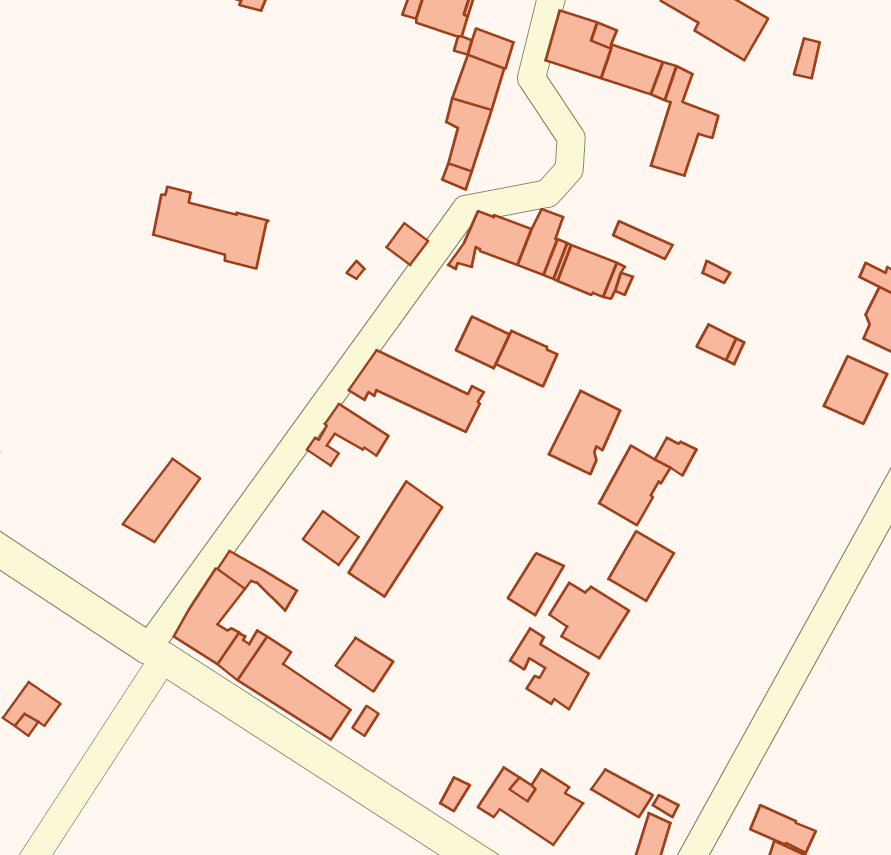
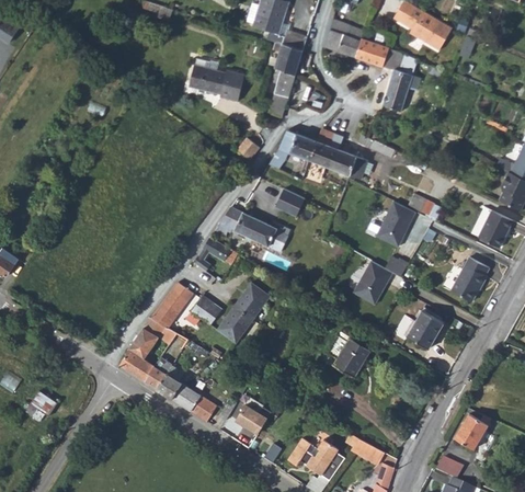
building: [153,187,268,268] -> [189,59,252,104]
building: [496,331,557,386] -> none
building: [549,391,620,474] -> [375,202,414,248]
building: none -> [449,258,489,301]
building: [123,459,200,542] -> [150,282,193,328]
building: [608,531,674,601] -> [407,310,443,348]
building: [508,553,564,615] -> none
building: [510,628,589,709] -> none
building: [336,638,393,691] -> [238,404,270,434]
building: none -> [454,413,488,450]

